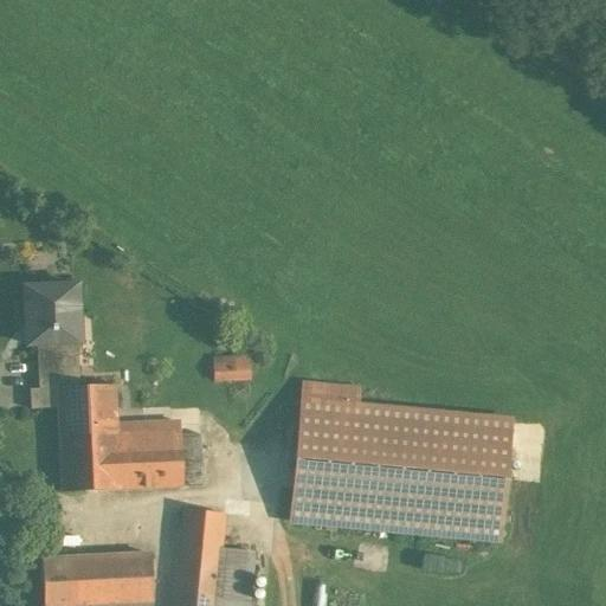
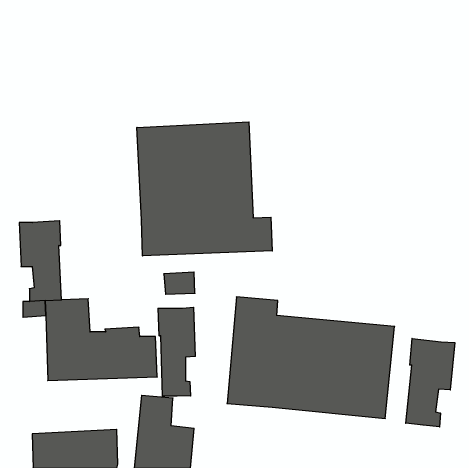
building: none -> [137,122,272,256]
building: none -> [158,307,195,396]
building: none -> [406,338,455,427]

